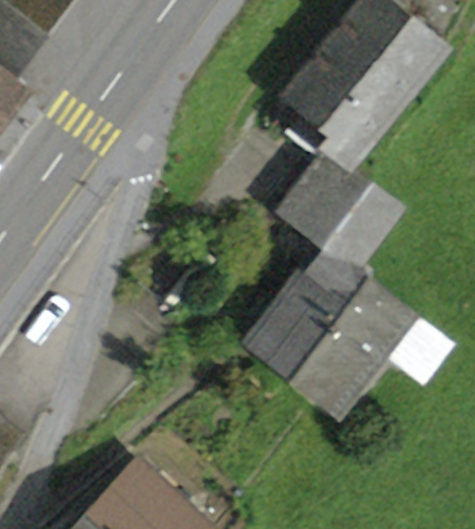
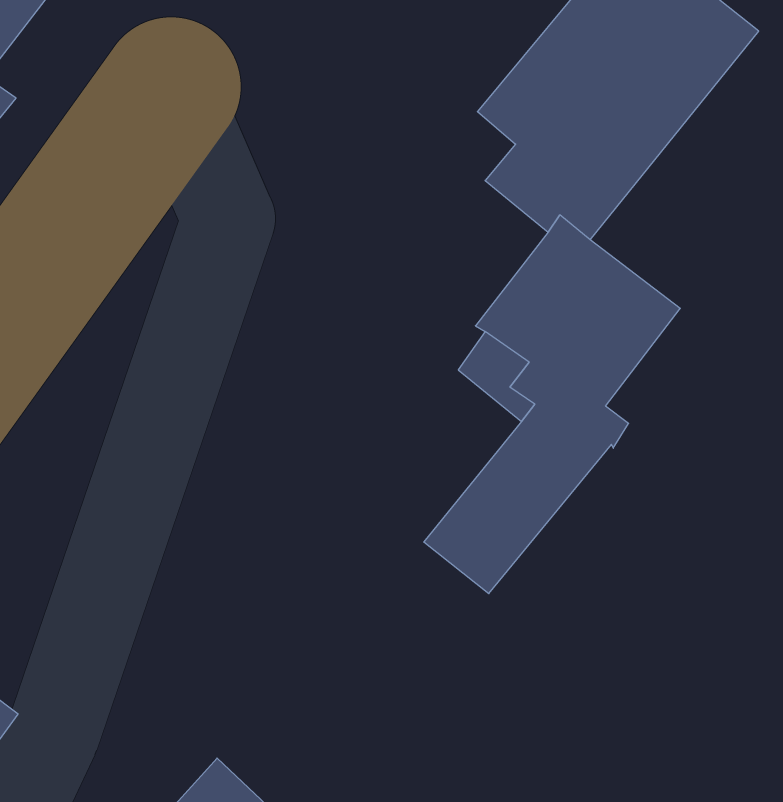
building: [292,284,450,404] -> none

